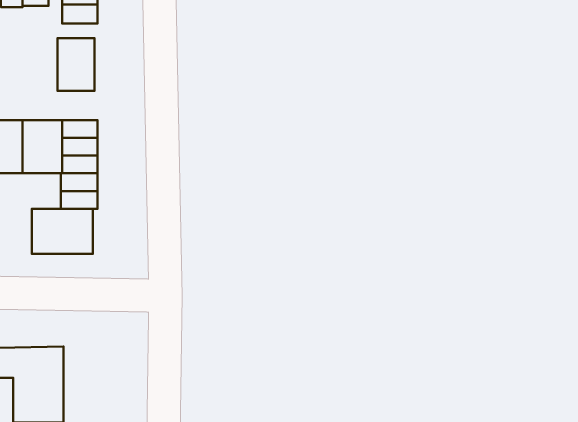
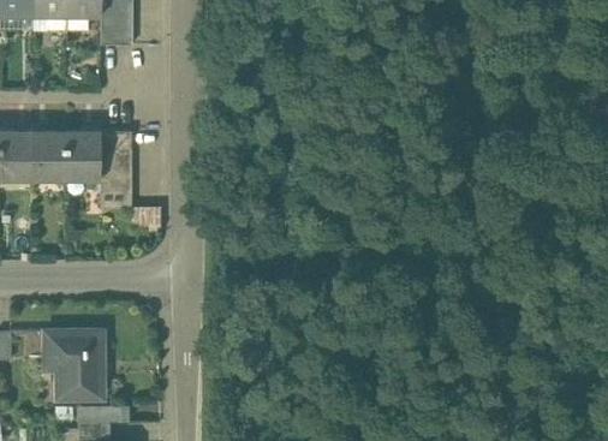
building: [58,38,95,91] -> none
building: [32,209,93,254] -> none

